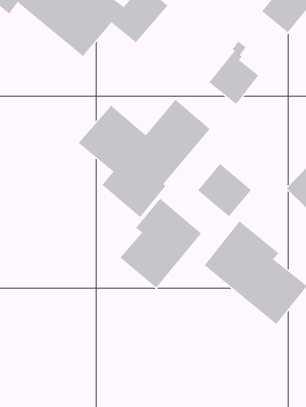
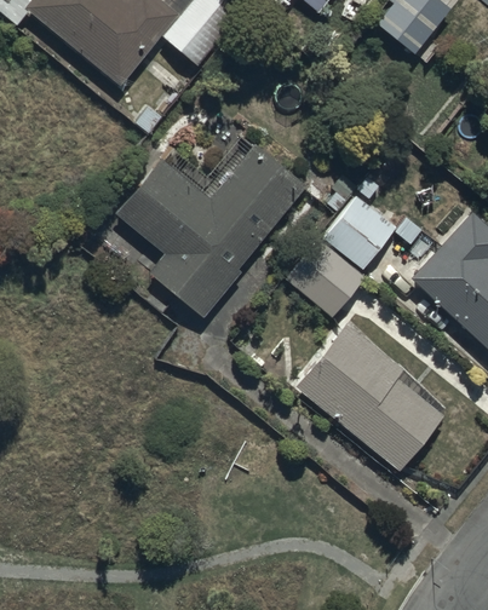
building: [209,41,259,105] -> [323,177,396,269]
building: [120,198,202,288] -> none

